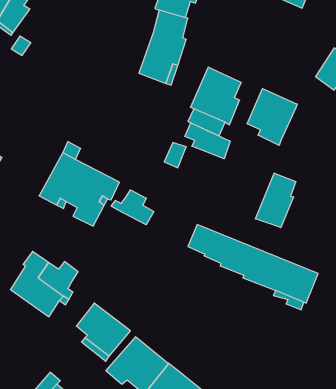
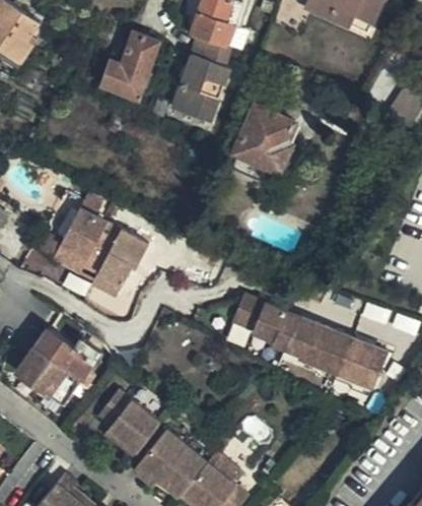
building: none -> [101,30,157,98]
building: [247,89,297,145] -> none
building: [185,123,230,159] -> none
building: [256,173,296,228] -> none
building: [111,190,154,225] -> none

